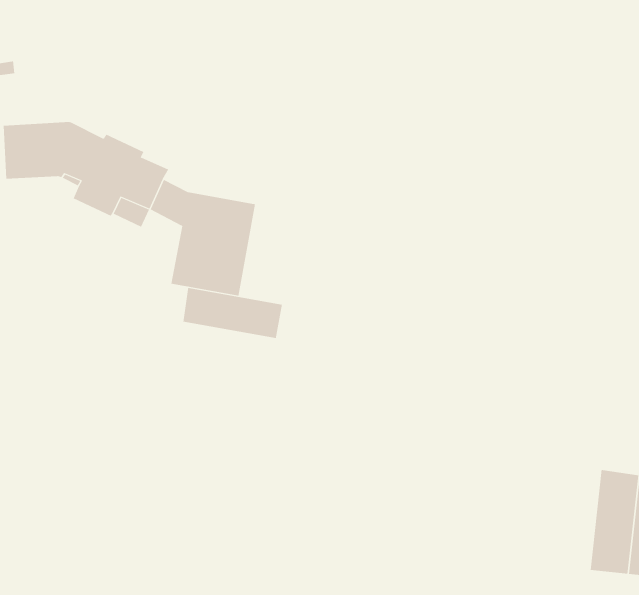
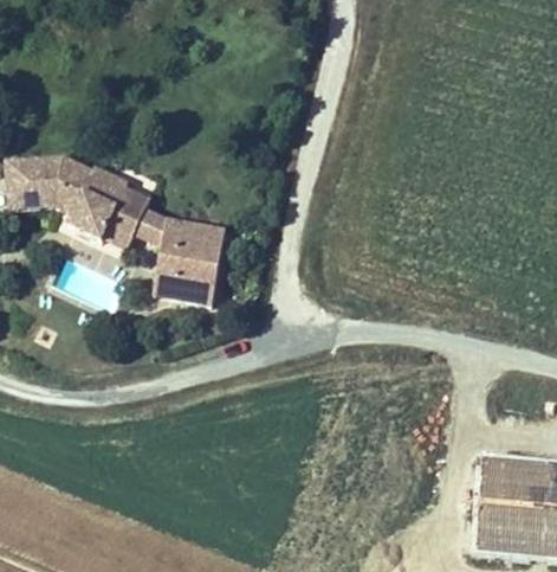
building: [183,287,283,339] -> none
building: none -> [468,454,523,545]

